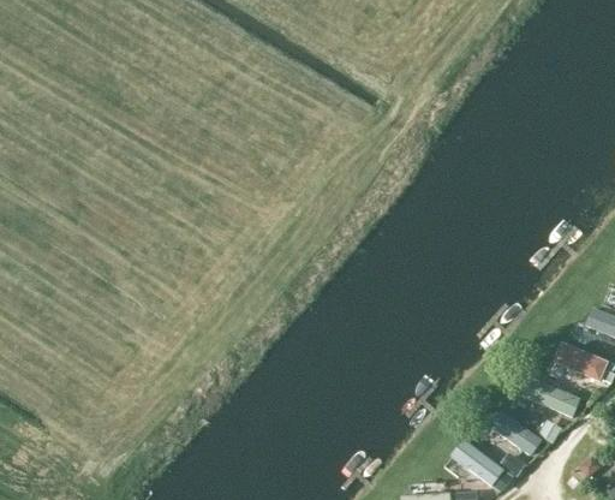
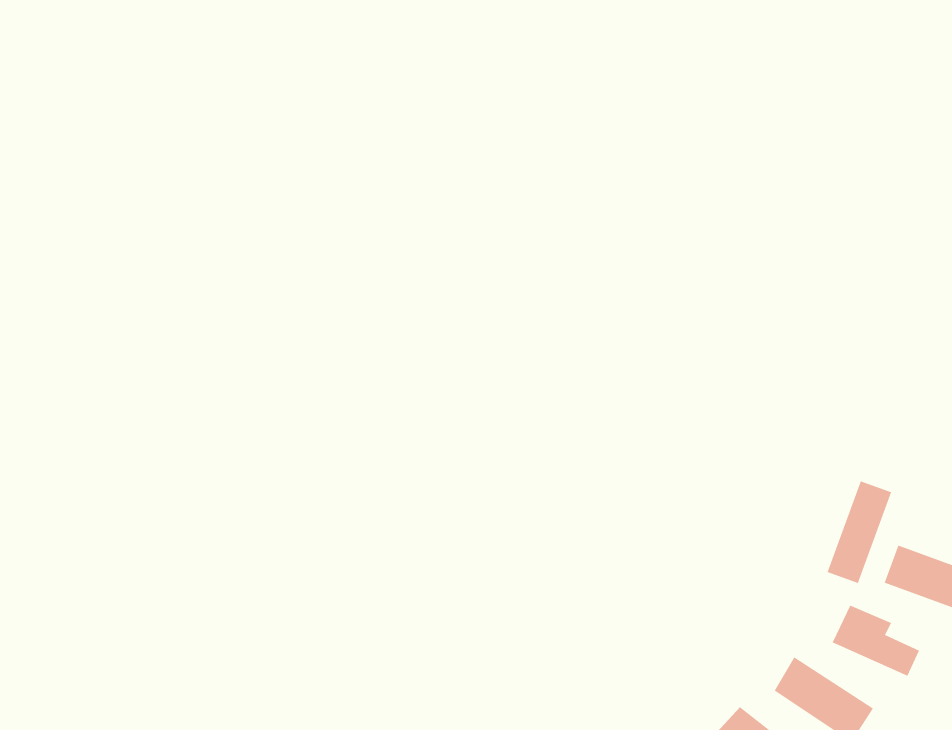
building: none -> [827,481,892,584]

